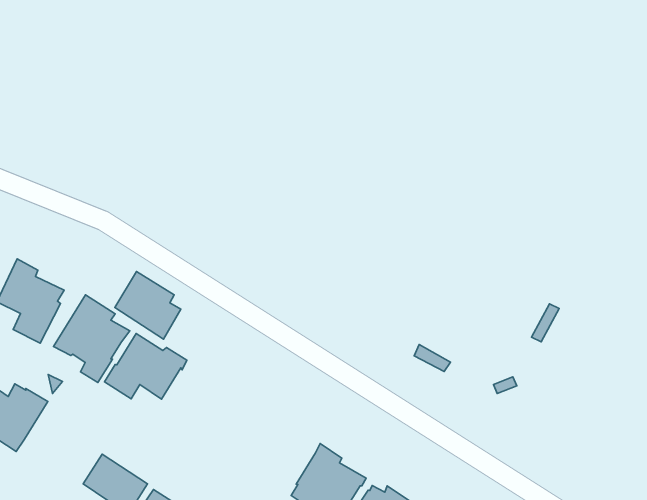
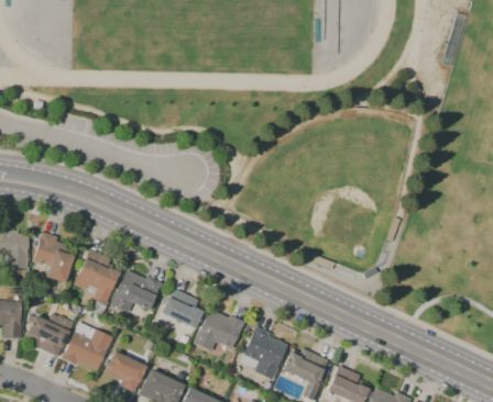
building: [115,271,181,339] -> [161,288,204,330]
building: none -> [62,322,113,372]
building: none -> [193,310,245,353]

